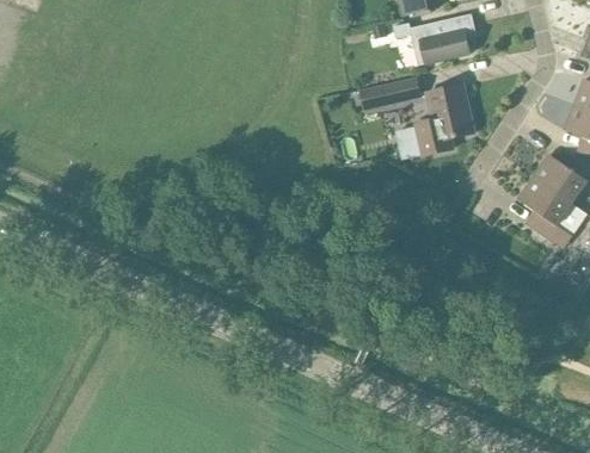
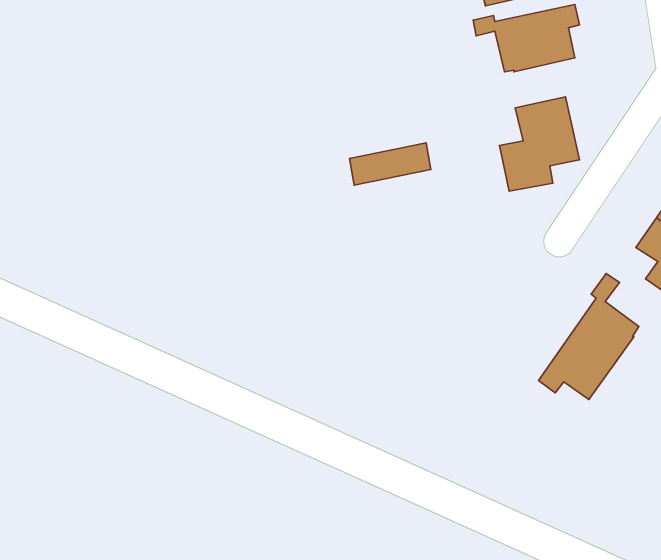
building: [358,76,420,108] -> [350,143,431,185]
building: none -> [538,273,639,399]

